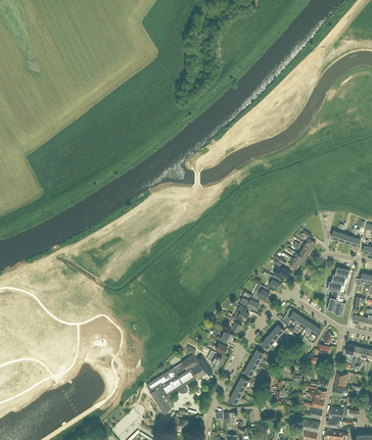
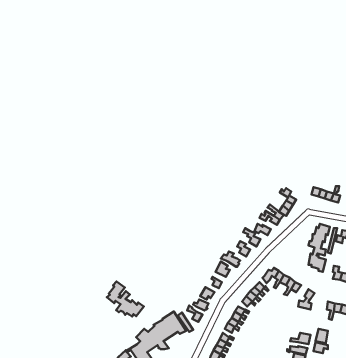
building: none -> [107,282,144,317]

